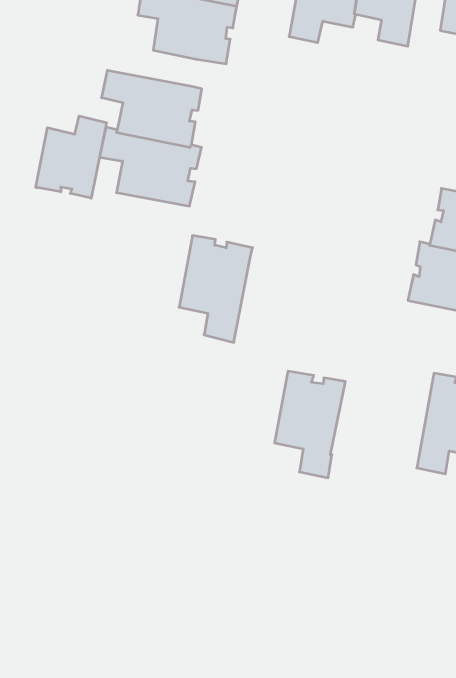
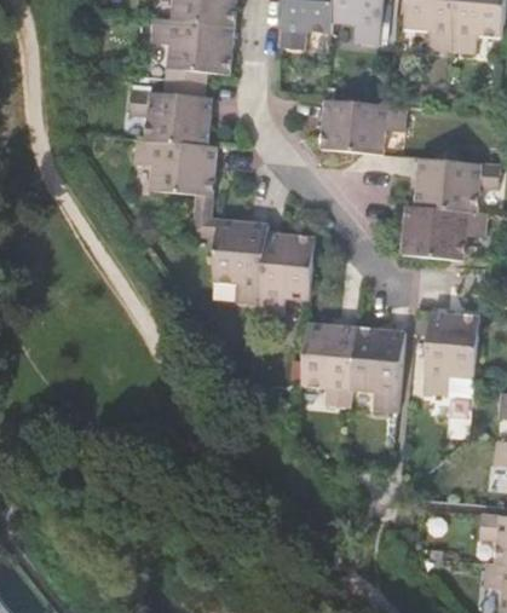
building: none -> [321,99,404,155]
building: [36,116,107,198] -> none
building: none -> [258,232,315,314]
building: none -> [350,326,404,410]

